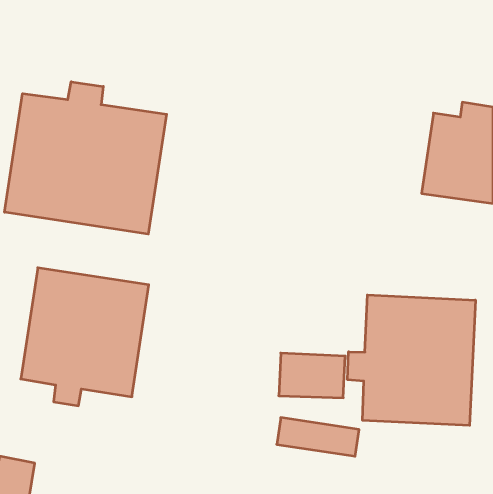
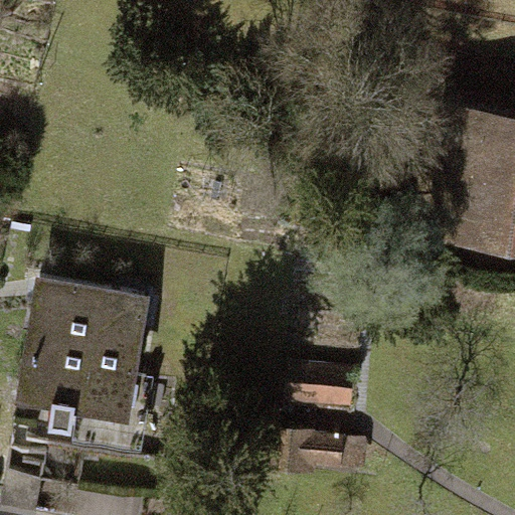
building: [5,82,167,234] -> none
building: [348,295,475,425] -> none

